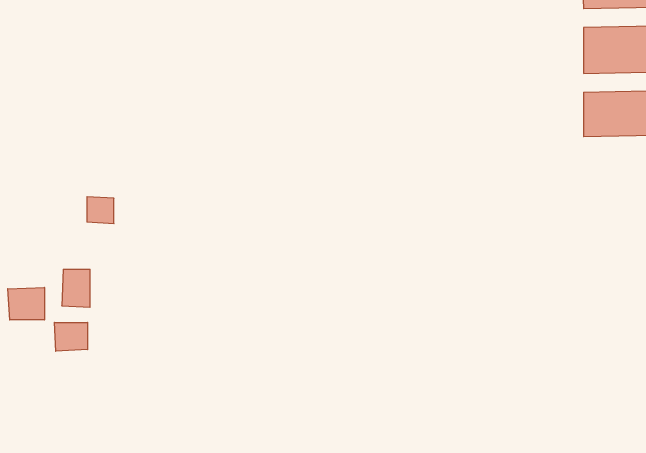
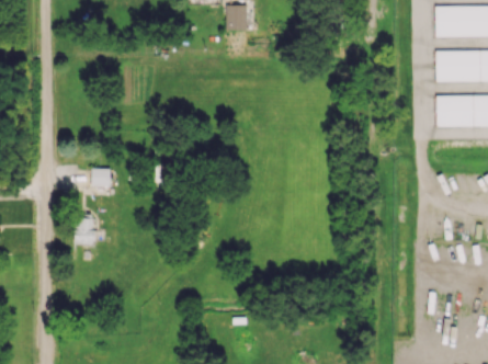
building: [8,287,44,320] -> none
building: [54,322,88,351] -> none

